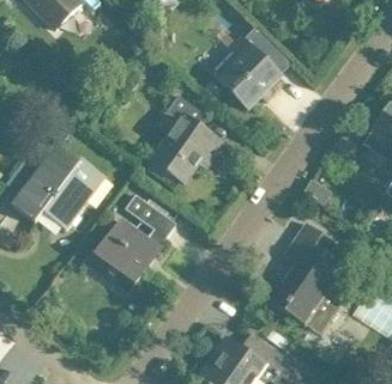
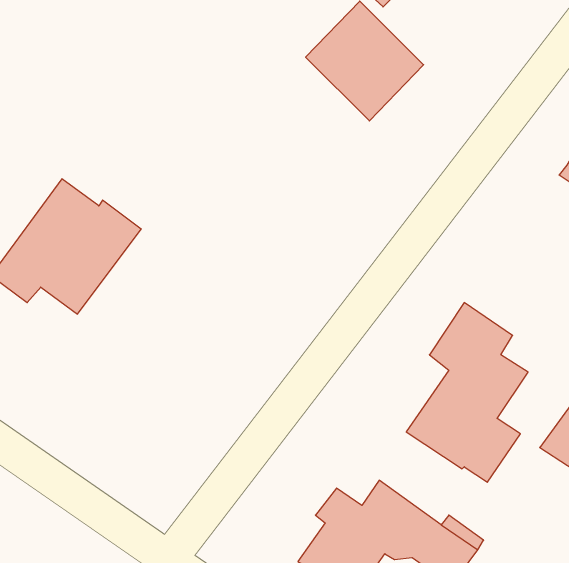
building: [151,93,223,183] -> none
building: [94,193,176,286] -> none

